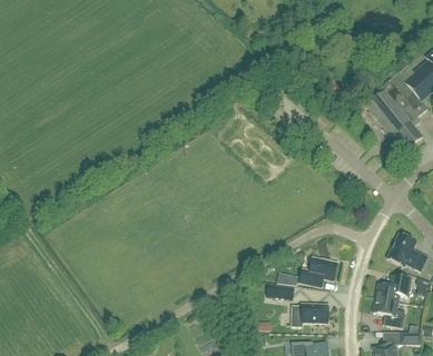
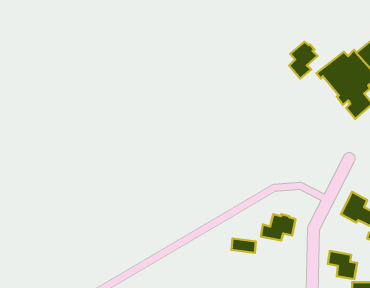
building: none -> [289,42,317,79]
building: [374,276,410,301] -> none
building: [291,304,327,326] -> none

